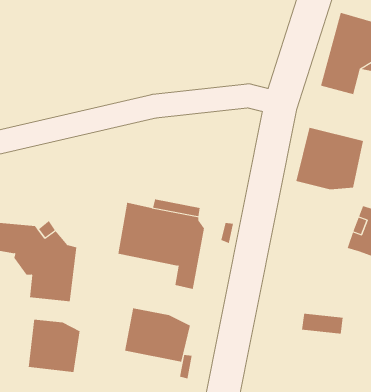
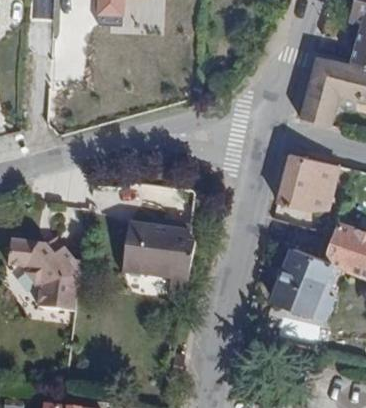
building: none -> [272,250,334,320]
building: [125,308,191,363] -> none
building: [28,319,80,373] -> none

